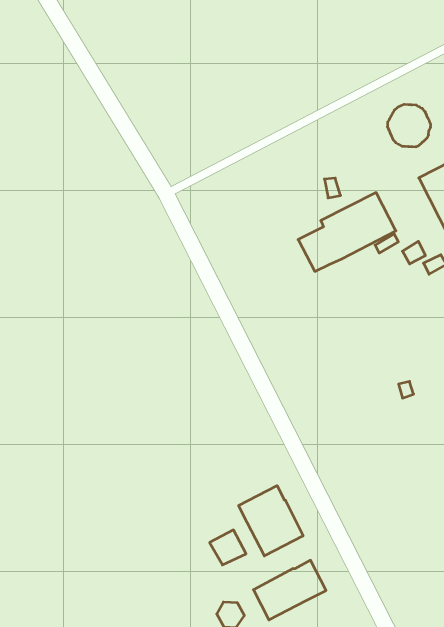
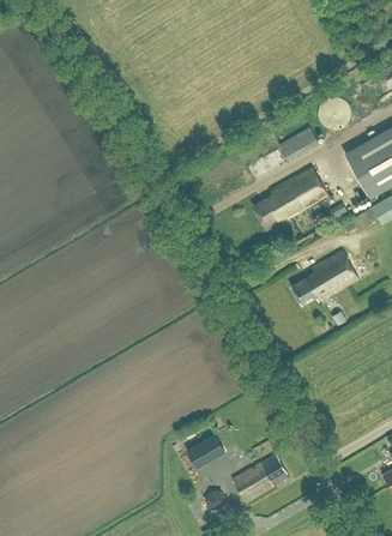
building: none -> [282,127,321,158]
building: none -> [290,251,357,306]
building: [239,486,303,556] -> none

